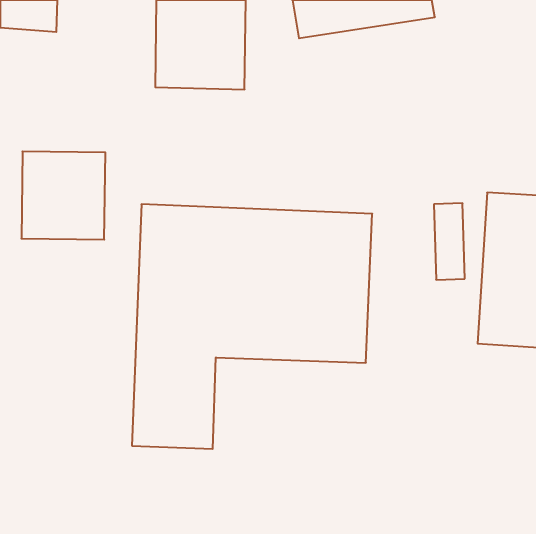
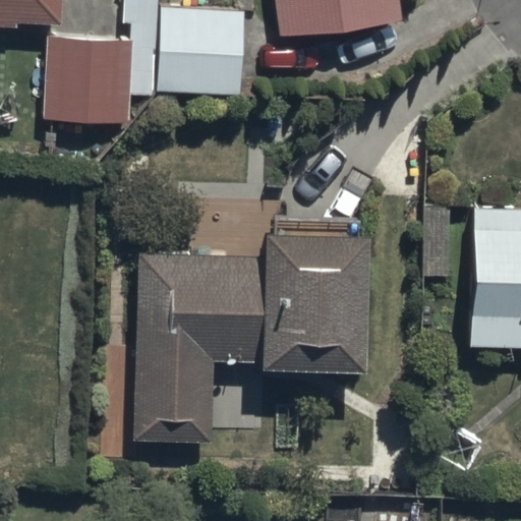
building: [21,151,105,240] -> [59,49,139,133]

